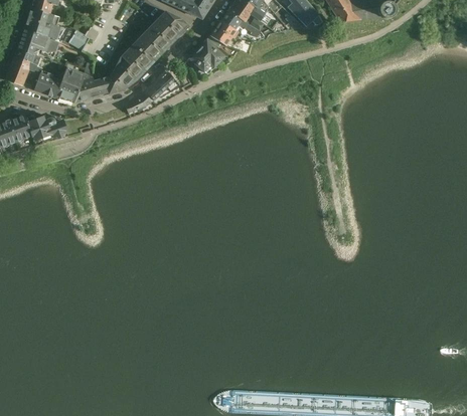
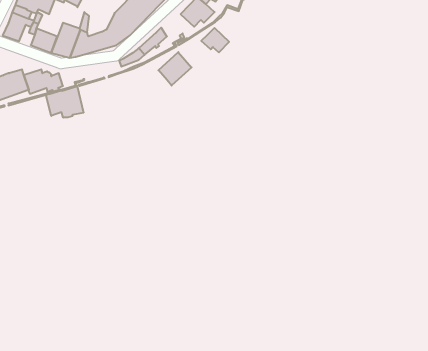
building: none -> [201,28,229,52]
building: none -> [158,52,192,86]
building: none -> [46,86,83,118]

